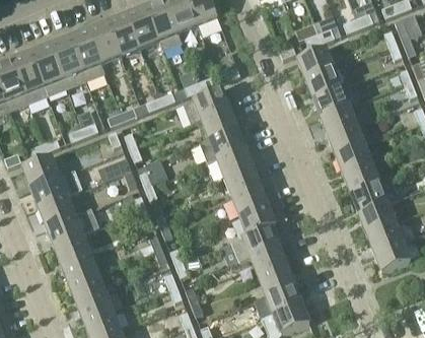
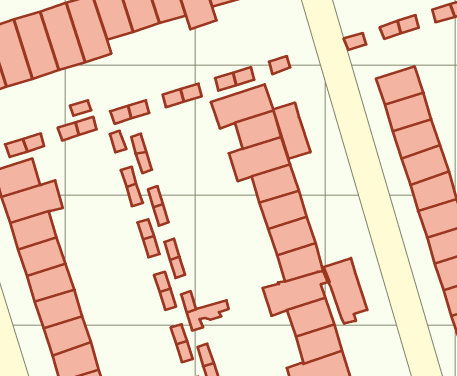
building: [298,47,334,77] -> none
building: none -> [273,103,310,159]
building: none -> [324,258,367,324]

